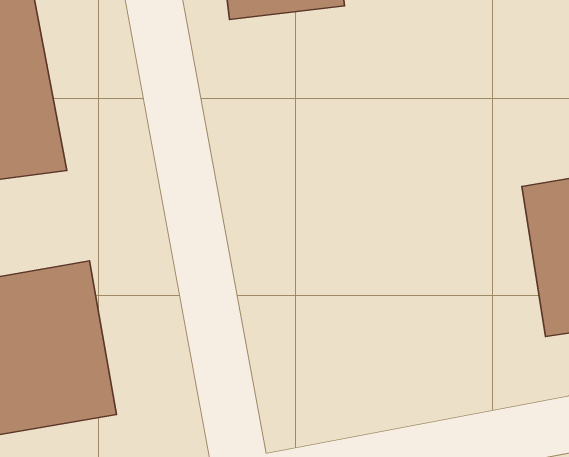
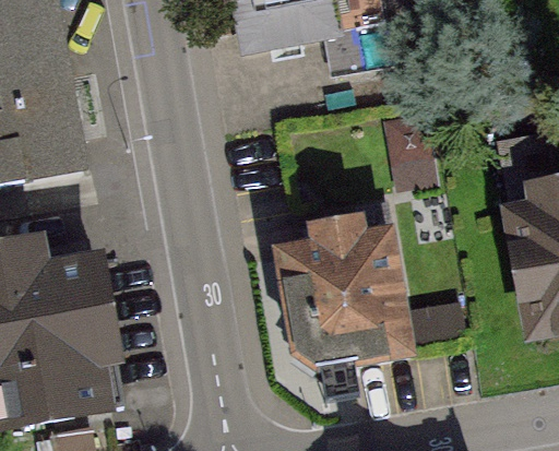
building: none -> [278,214,419,369]

